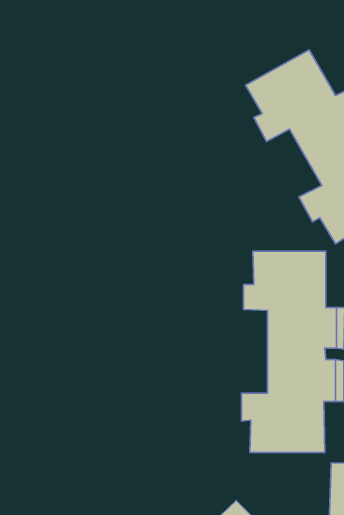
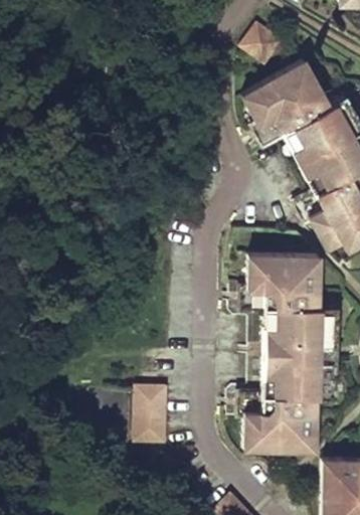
building: none -> [241,22,283,64]
building: none -> [135,387,168,447]

